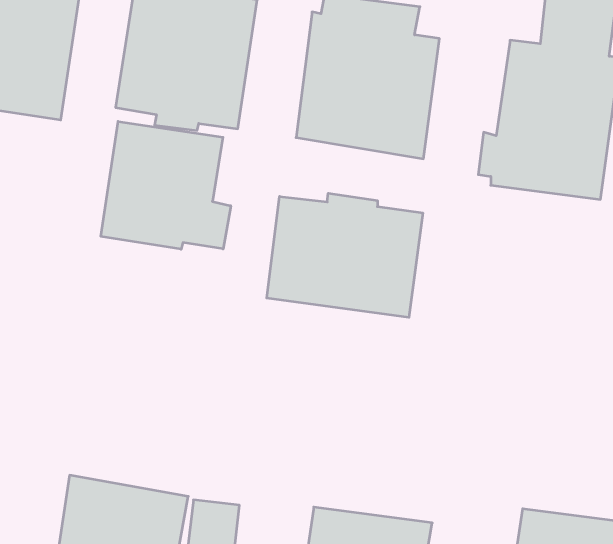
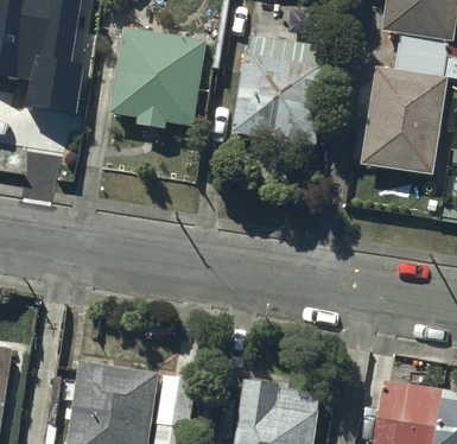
building: [101,121,231,249] -> none
building: [267,193,423,317] -> none

